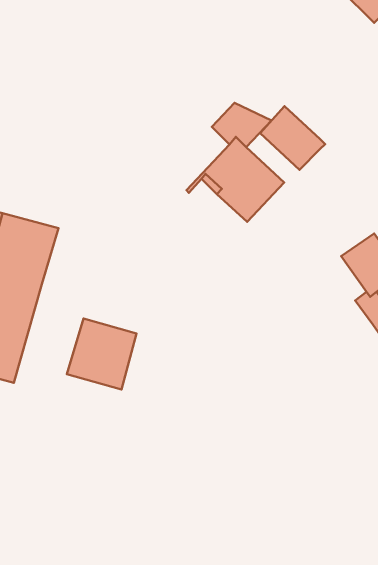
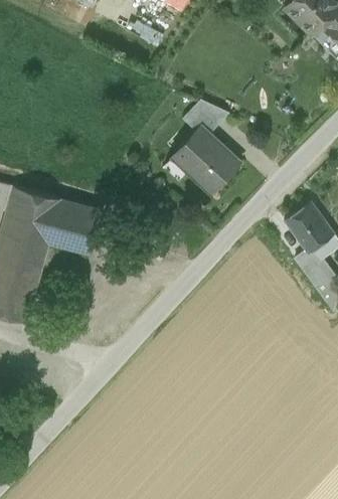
building: [260,106,325,170] -> none
building: [67,318,137,389] -> [47,199,103,256]

